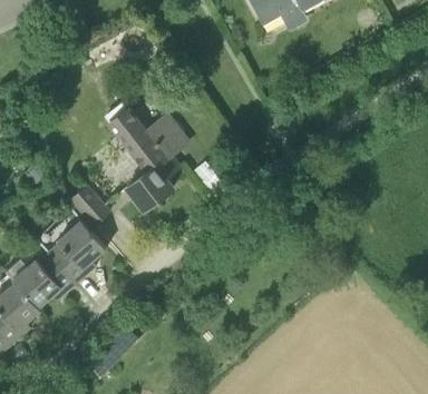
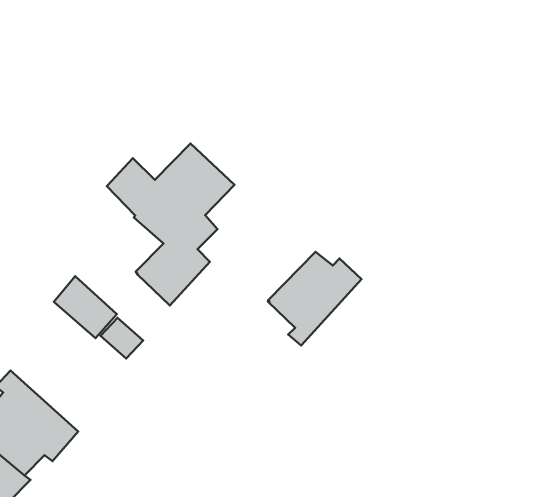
building: none -> [268,252,362,345]
building: [37,213,106,284] -> none

